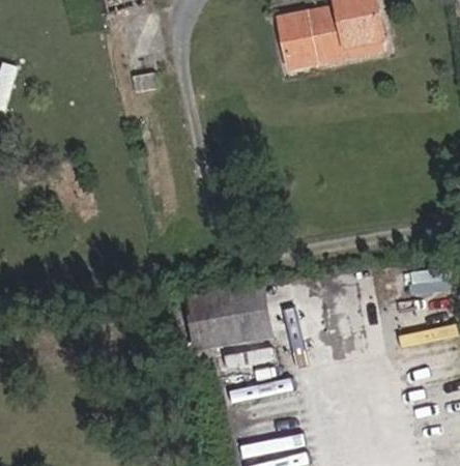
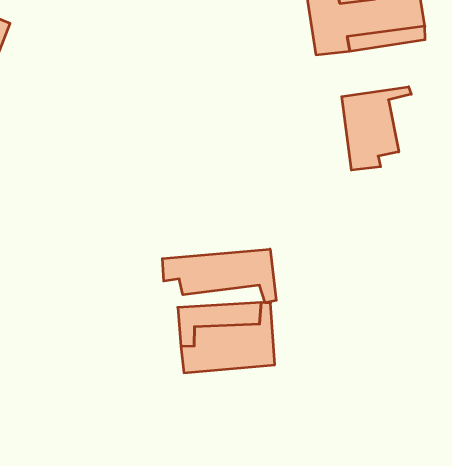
building: none -> [342,87,411,170]
building: none -> [162,249,276,303]

